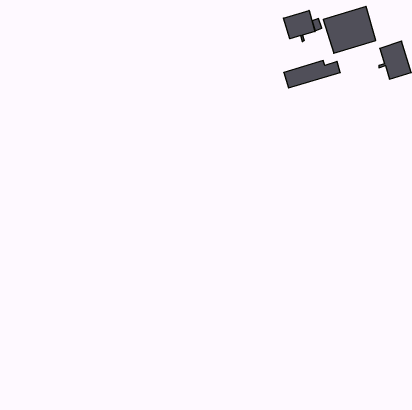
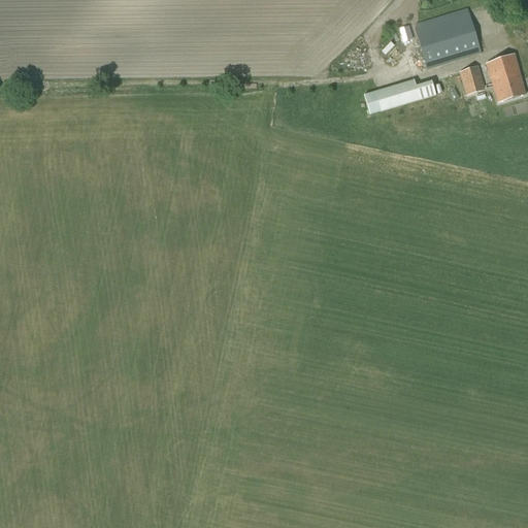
building: [283,10,315,42] -> none
building: none -> [459,64,485,94]

